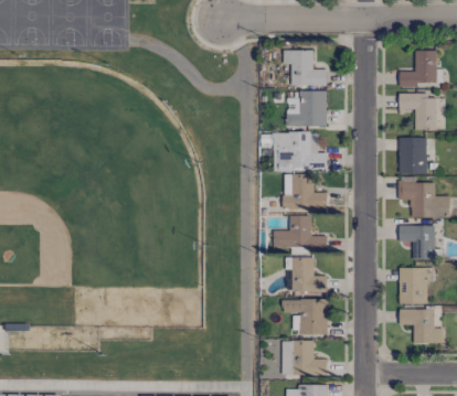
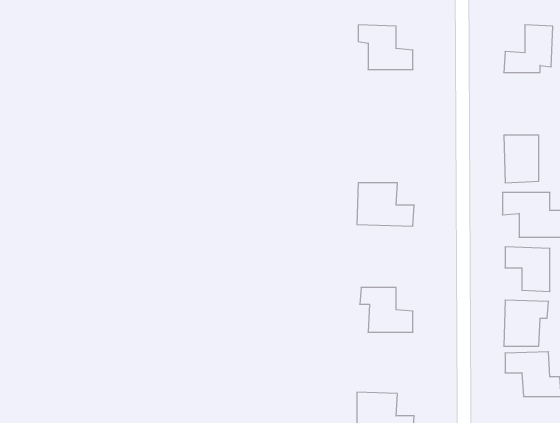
building: [287,90,327,127] -> none
building: [398,94,437,129] -> none
building: [274,132,328,169] -> none
building: [274,215,328,248] -> none
building: [299,298,328,334] -> none

